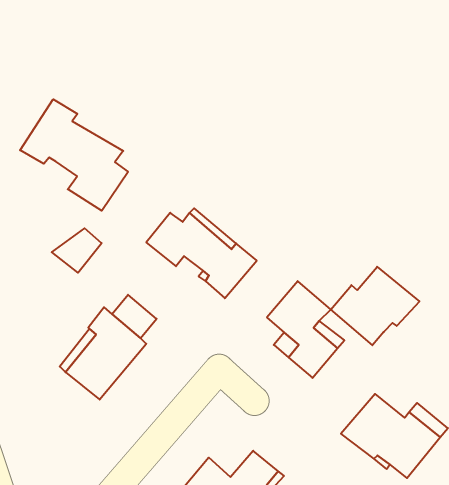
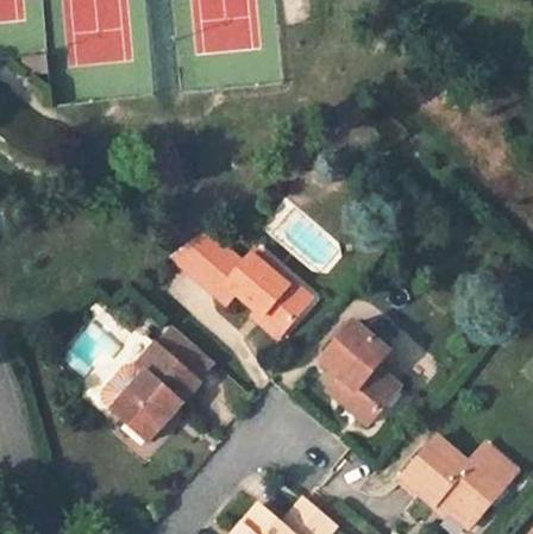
building: [20,99,128,211] -> none
building: [52,228,102,273] -> [168,233,220,279]
building: [331,267,419,345] -> none

